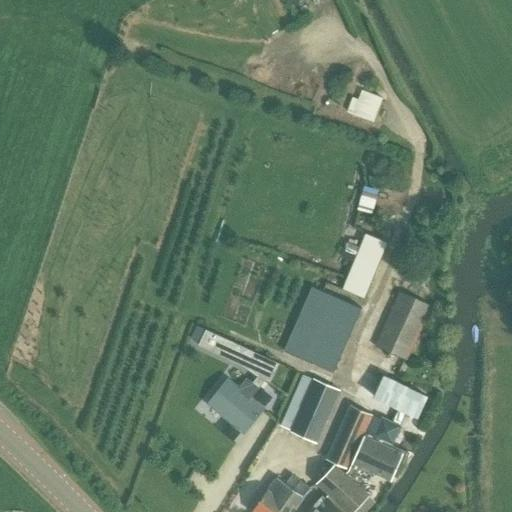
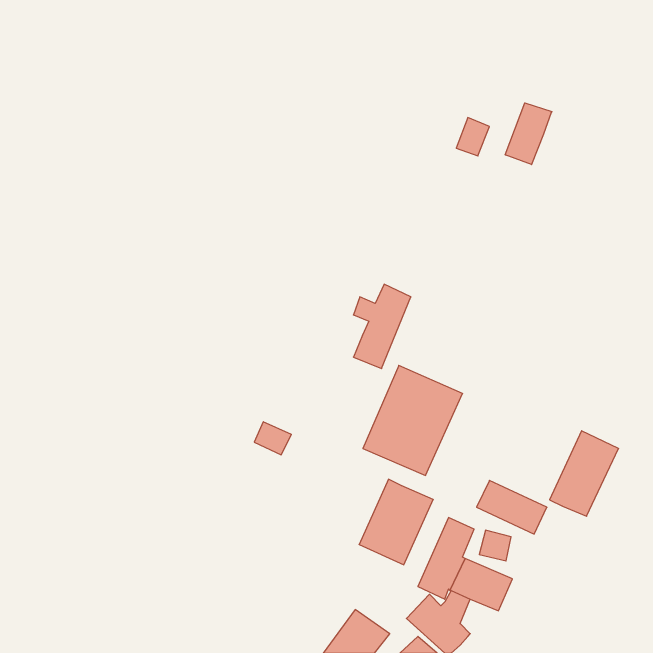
building: none -> [505,103,552,165]
building: [342,233,387,299] -> [353,284,411,369]
building: [376,292,430,359] -> [550,431,619,516]
building: [210,350,279,431] -> none

